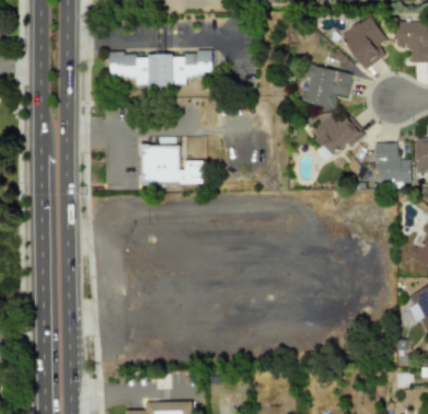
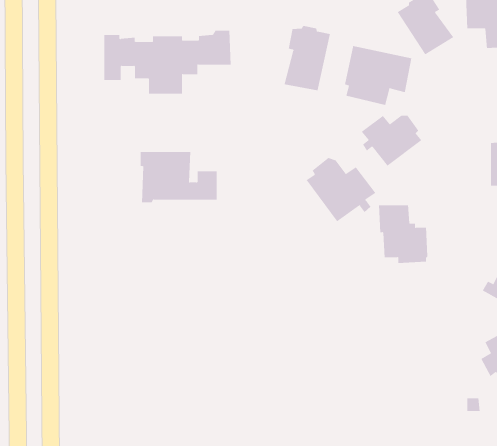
building: none -> [284,25,330,91]
building: [372,140,412,186] -> [378,205,428,263]
building: none -> [306,157,376,222]

